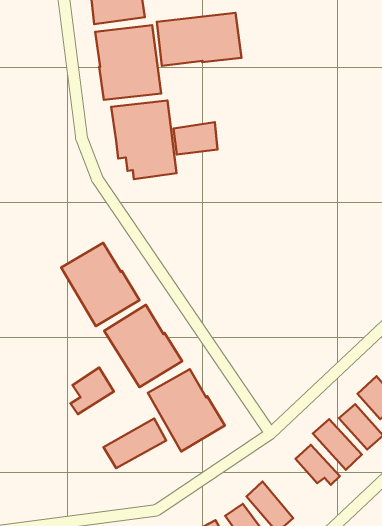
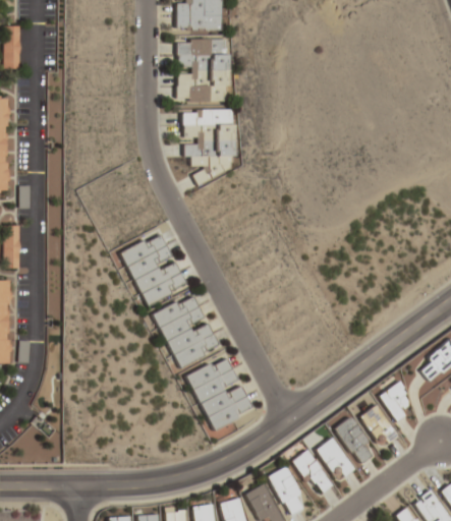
building: [157,13,241,66] -> none
building: [174,122,218,155] -> none
building: [70,367,114,414] -> none
building: [104,418,166,468] -> none
building: none -> [292,450,332,493]

